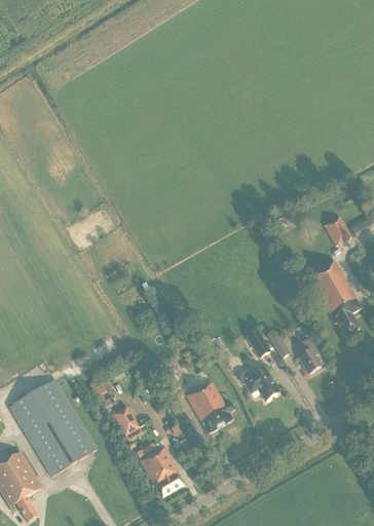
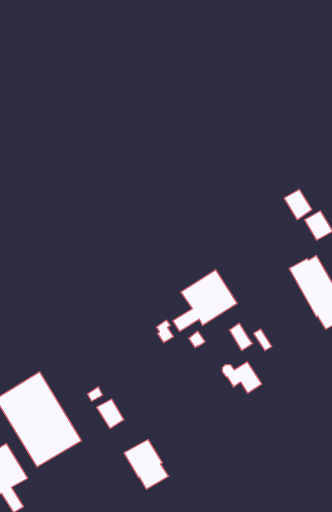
building: none -> [284,189,312,220]
building: none -> [173,270,237,331]
building: [298,339,321,374] -> none
building: [186,384,235,434] -> none

